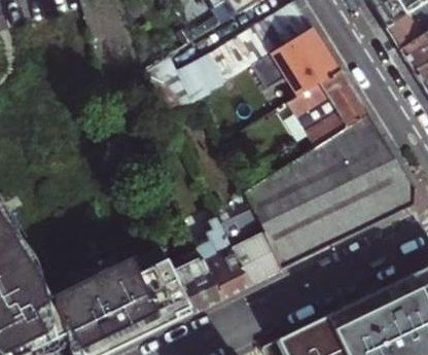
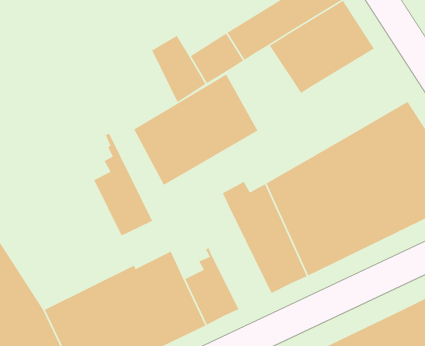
building: [287,71,370,149] -> none
building: none -> [133,74,258,186]
building: [199,208,251,298] -> [93,133,153,236]

